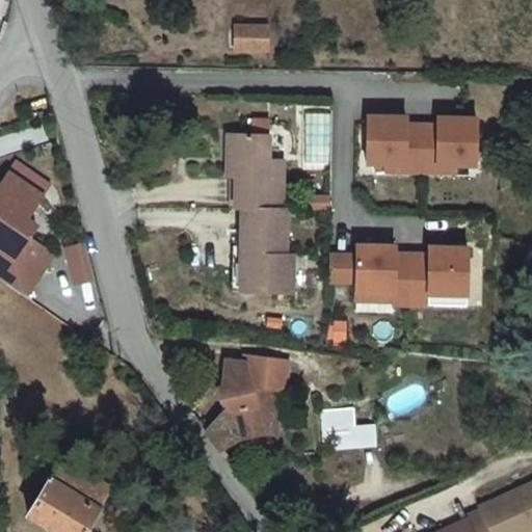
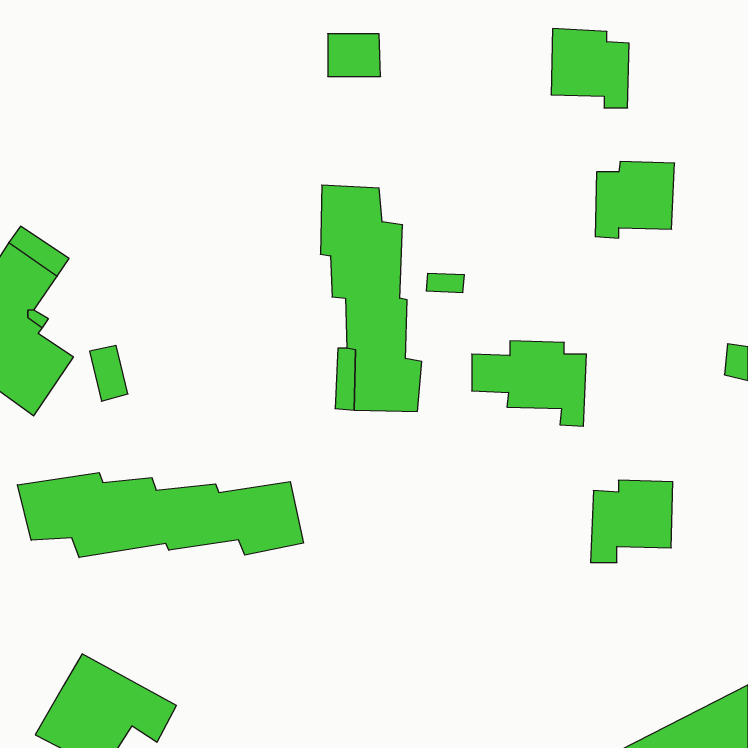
building: [367,113,422,169] -> [551,29,629,108]
building: [413,245,471,303] -> [591,480,673,563]
building: none -> [17,473,303,558]
building: [207,357,286,452] -> none
building: [321,410,376,451] -> none

